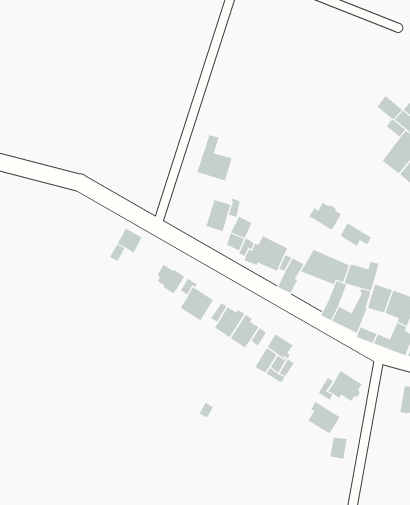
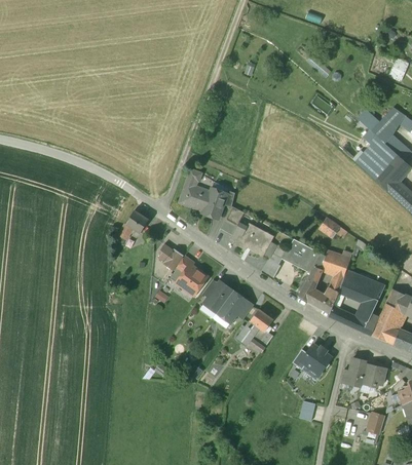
building: [197,134,233,181] -> [179,169,211,210]
building: [308,202,342,231] -> none
building: none -> [346,356,368,385]
building: [308,401,344,434] -> none

